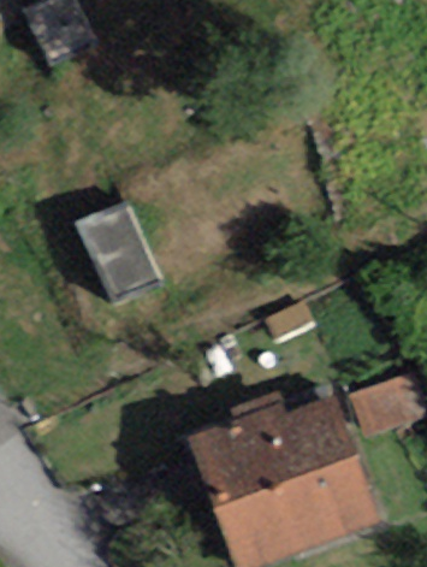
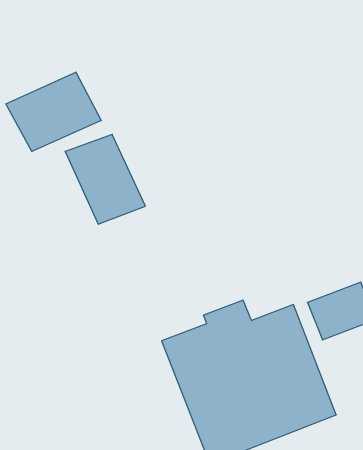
building: none -> [6,72,101,152]

